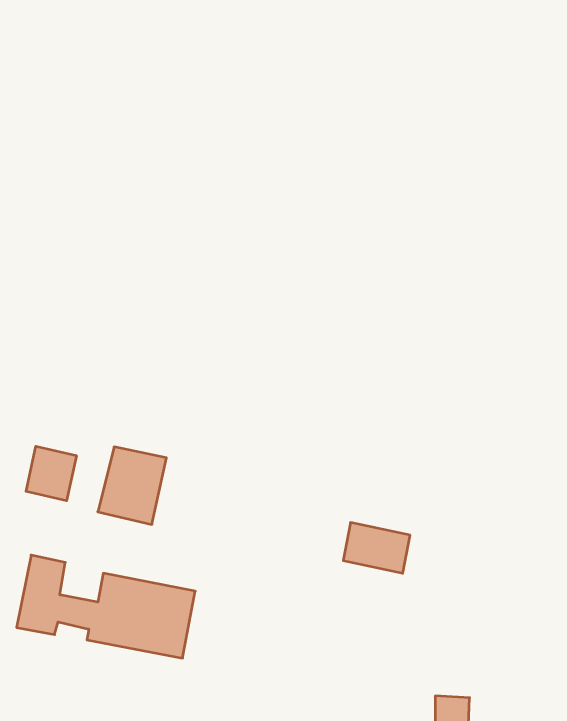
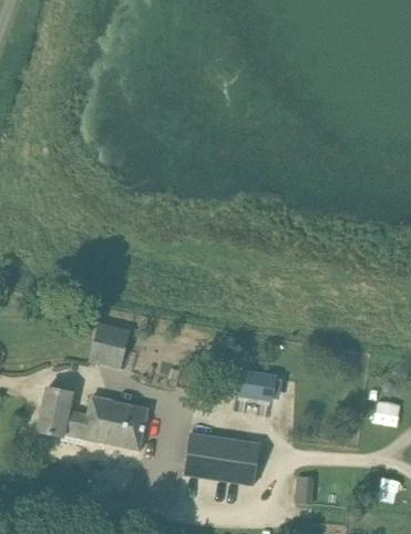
building: [26,446,76,501] -> none
building: none -> [183,433,259,484]

